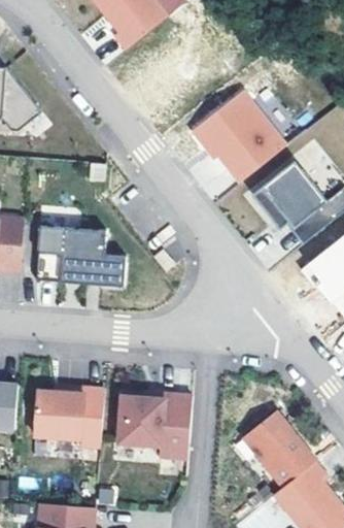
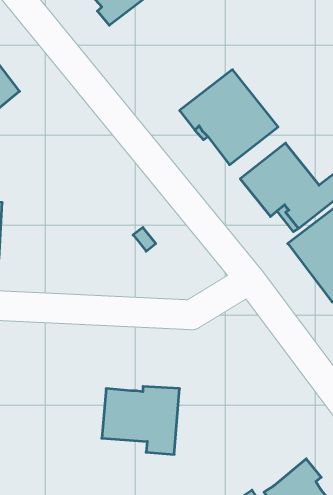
building: [36,226,126,287] -> none
building: [33,387,105,442] -> none
building: [242,412,315,489] -> none

